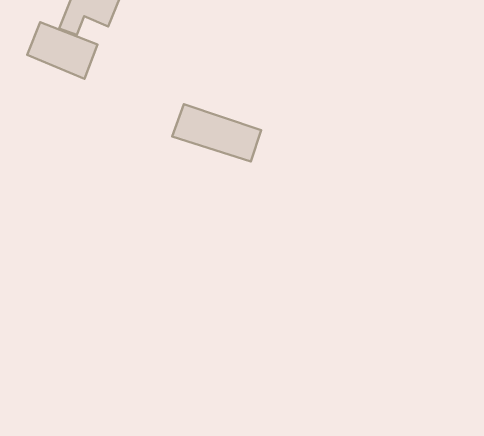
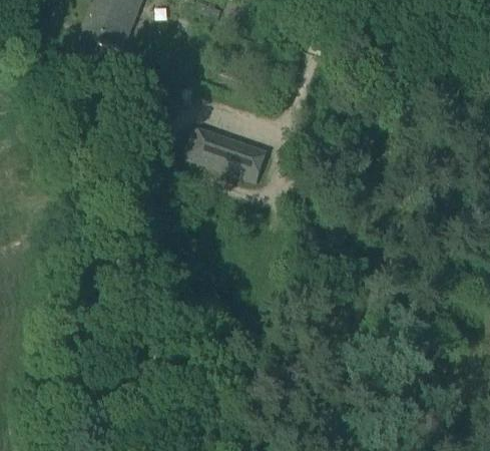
building: [27,22,97,79] -> none

